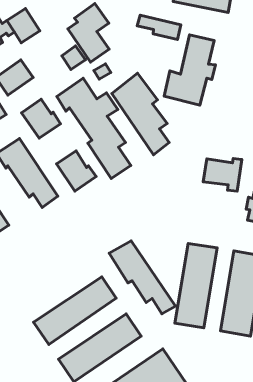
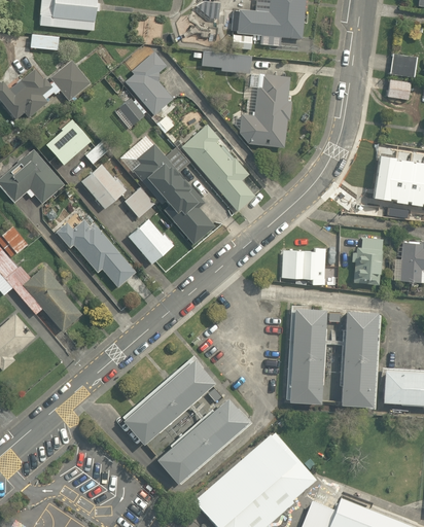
building: none -> [123,185,155,216]
building: [203,159,242,191] -> [283,248,324,285]
building: [109,241,175,314] -> none

